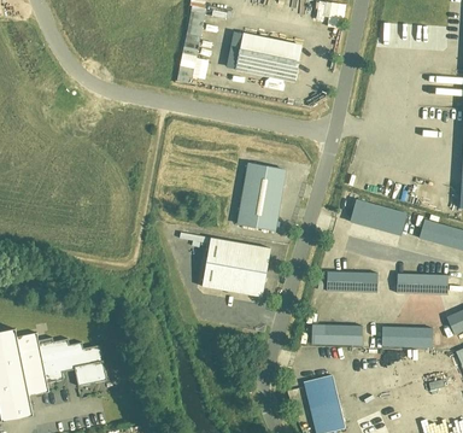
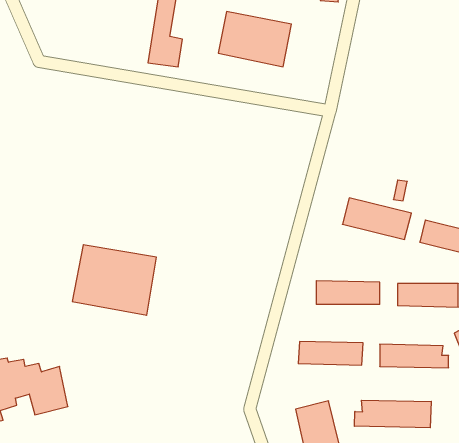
building: [234,162,285,230] -> none
building: [197,236,270,298] -> [72,245,156,315]
building: none -> [354,400,431,428]

